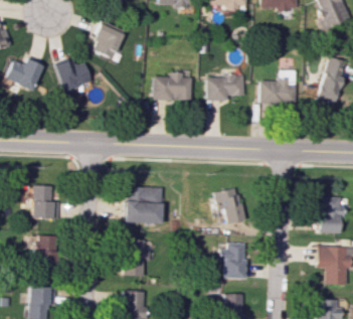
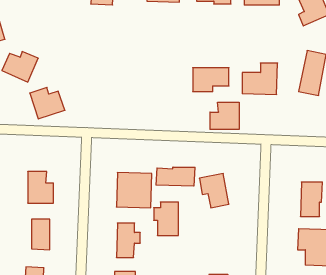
building: [92,24,125,58] -> none
building: [55,58,93,92] -> [30,87,65,119]
building: [154,72,192,100] -> none
building: none -> [210,102,239,129]
building: none -> [156,167,195,186]
building: [220,243,246,278] -> [154,202,178,235]

